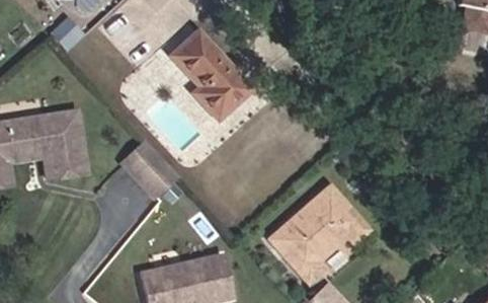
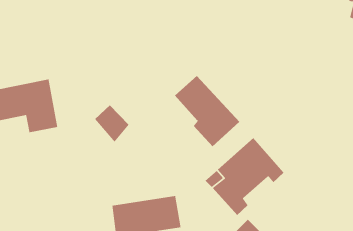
building: [173,32,255,122] -> [174,75,240,147]

